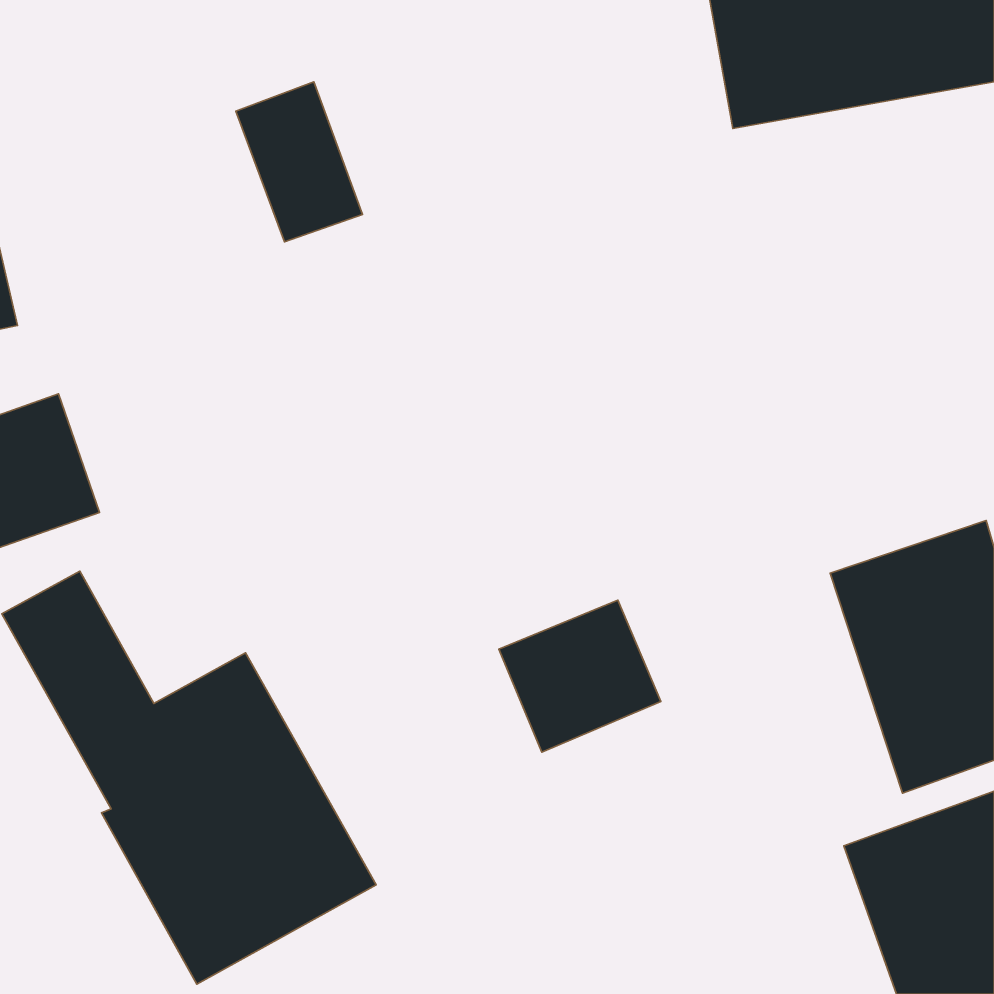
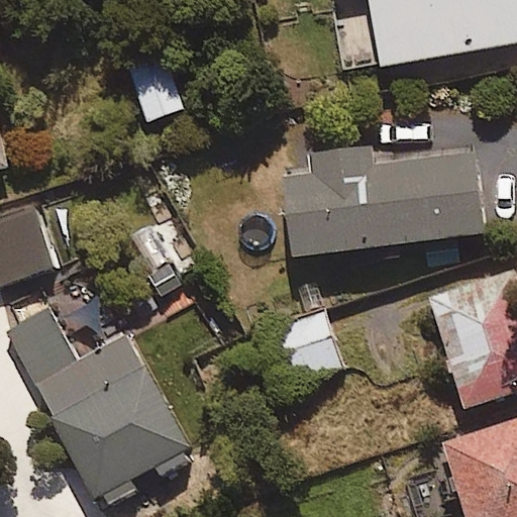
building: none -> [284,146,485,254]

